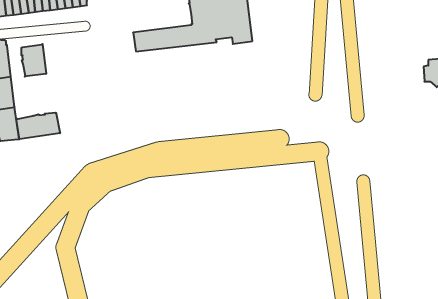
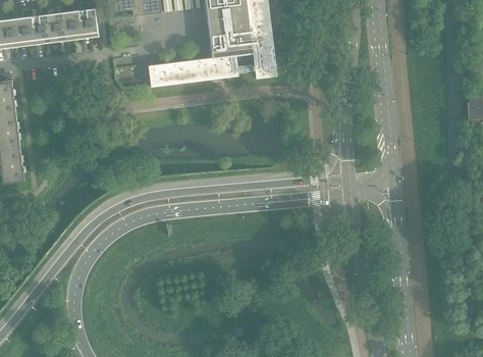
building: [21,44,46,77] -> none
building: [16,113,60,139] -> none

